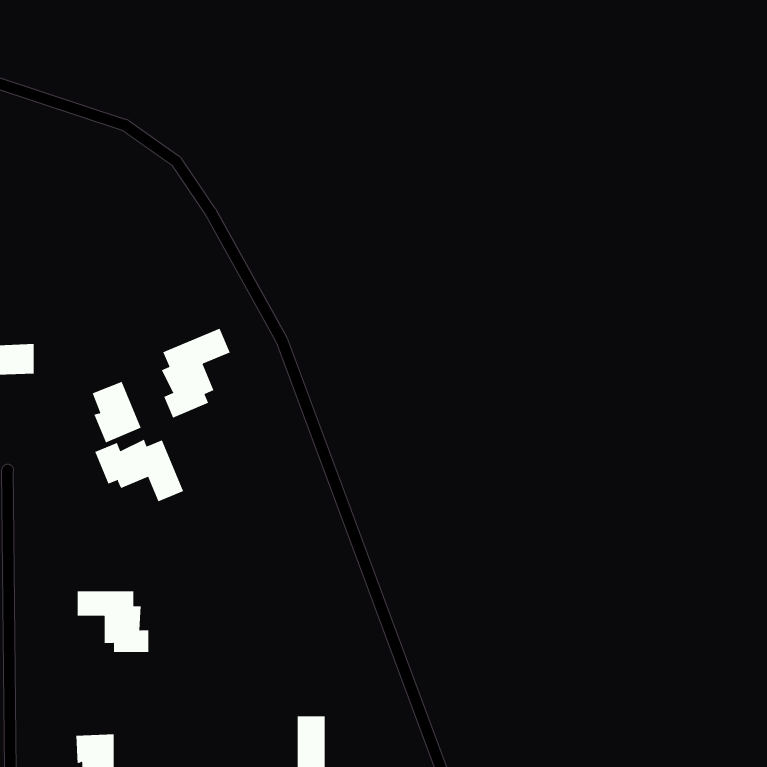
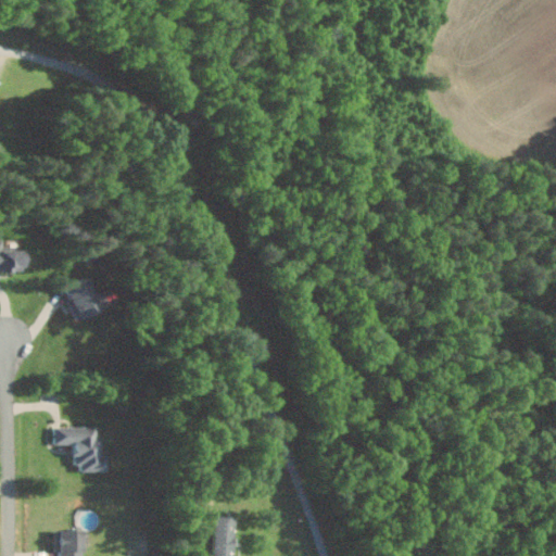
building: [161,328,230,418] -> none
building: [94,439,184,502] -> none

